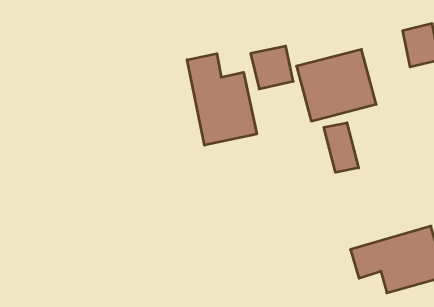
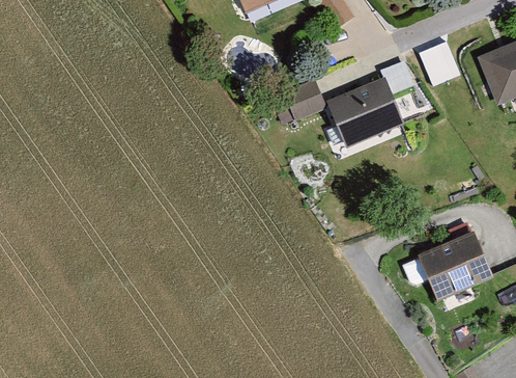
building: [187,54,257,145] -> none
building: [324,123,359,172] -> none

